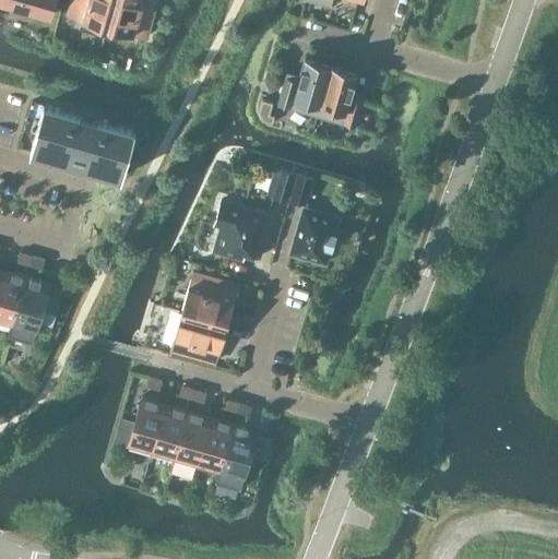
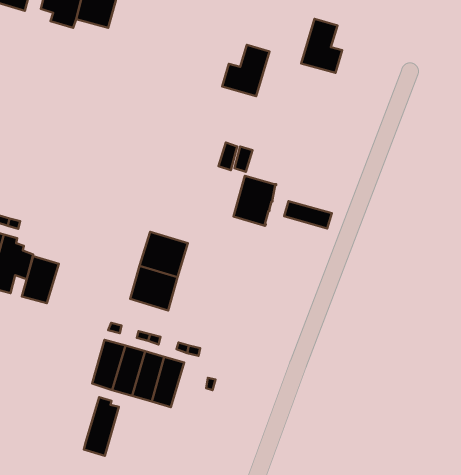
building: [317,66,364,128] -> [301,19,342,73]
building: [31,107,135,179] -> none
building: [214,202,272,261] -> none
building: none -> [284,201,332,228]
building: none -> [22,256,59,303]
building: [216,424,257,491] -> [84,397,119,456]

